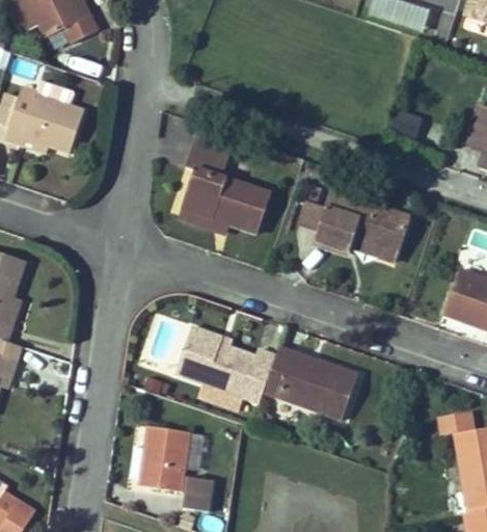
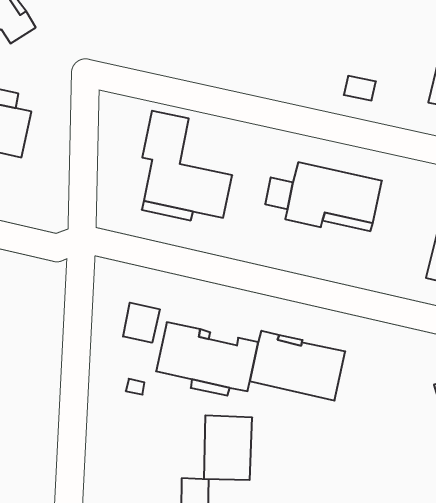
building: none -> [123,303,160,343]
building: [138,425,191,491] -> [204,415,252,480]

